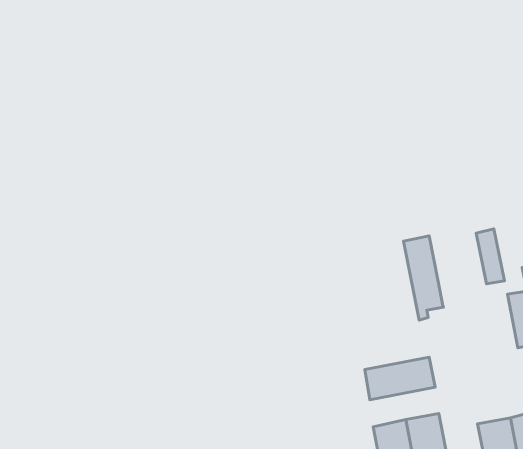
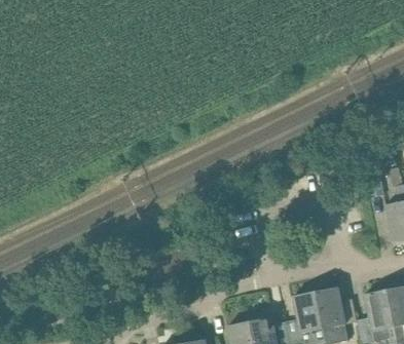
building: [403,236,443,320] -> none
building: [365,357,435,400] -> none

